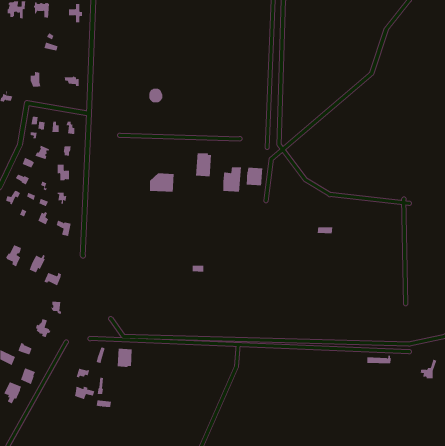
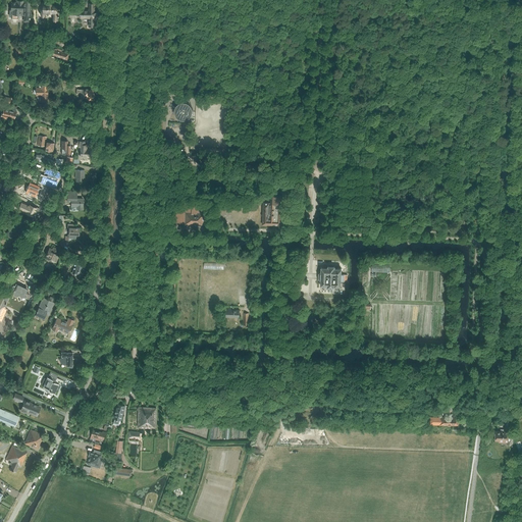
building: [195,153,212,177] -> none
building: [246,167,263,186] -> none
building: none -> [317,266,346,289]

